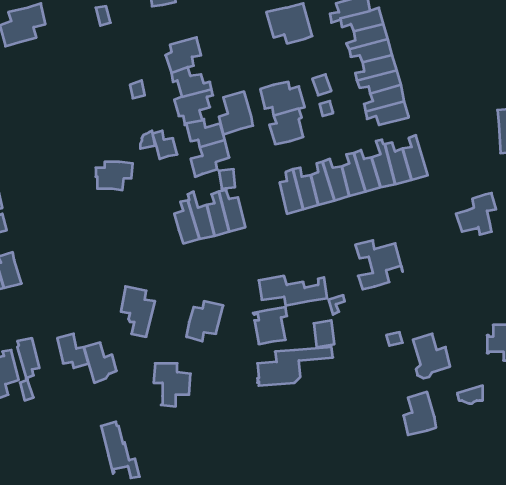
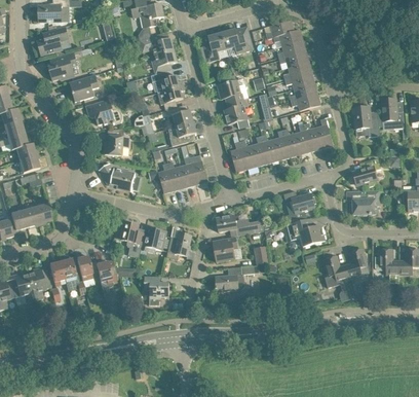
building: none -> [139,33,173,55]
building: none -> [47,52,77,80]
building: none -> [69,74,99,102]
building: [219,92,253,135] -> [203,32,227,62]
building: none -> [84,98,120,124]
building: none -> [351,105,379,137]
building: none -> [98,163,135,191]
building: none -> [346,190,379,215]
building: none -> [282,218,323,246]
building: none -> [140,227,166,255]
building: [403,392,436,435] -> [345,248,368,278]
building: [101,422,140,478] -> [59,255,85,294]

